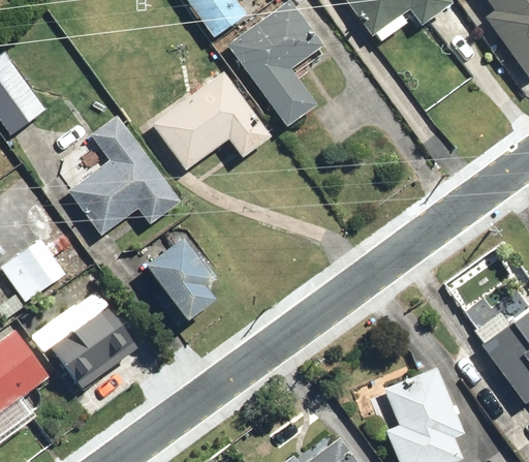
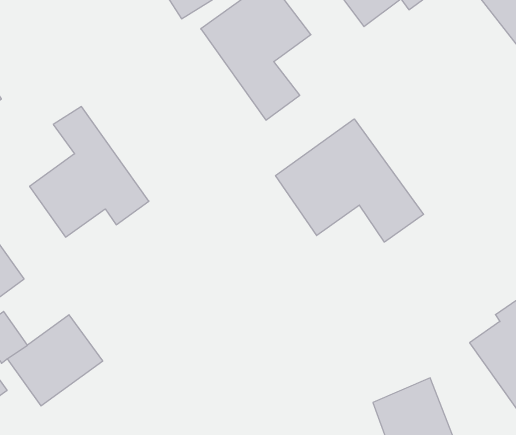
building: [150,71,271,171] -> none
building: none -> [276,119,424,242]
building: [142,229,227,319] -> none

